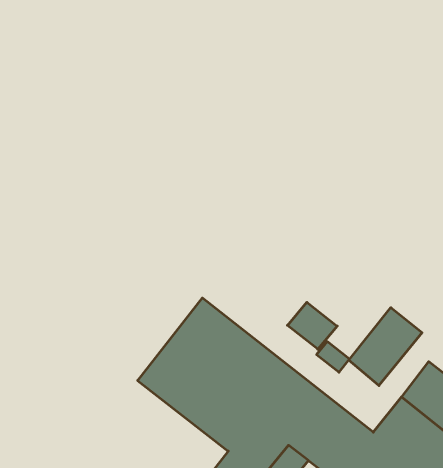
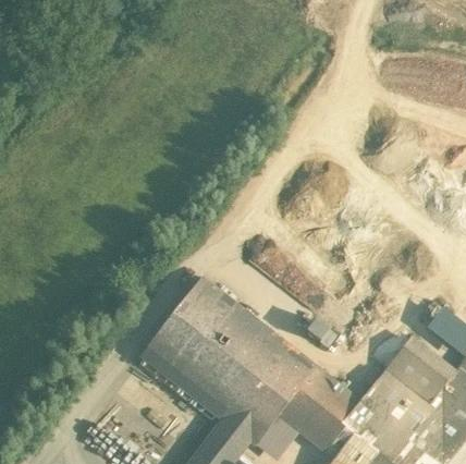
building: [287,302,337,349] -> none
building: [349,308,422,386] -> none

